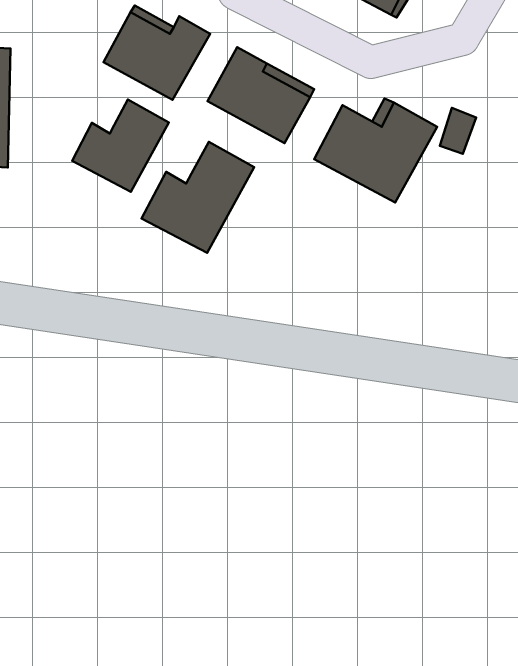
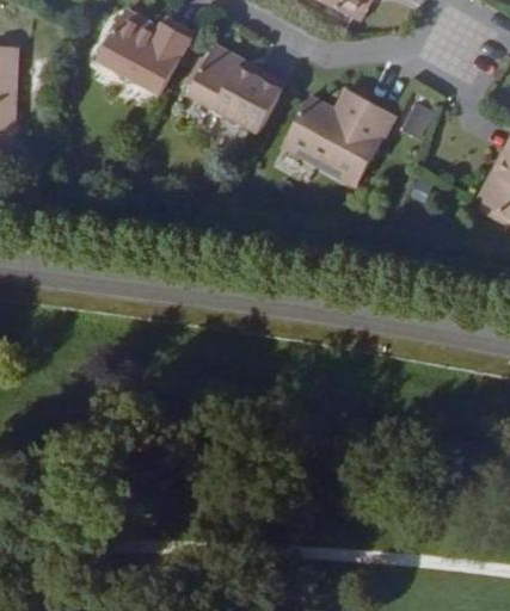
building: [72,100,169,192] -> none
building: [142,142,254,253] -> none

